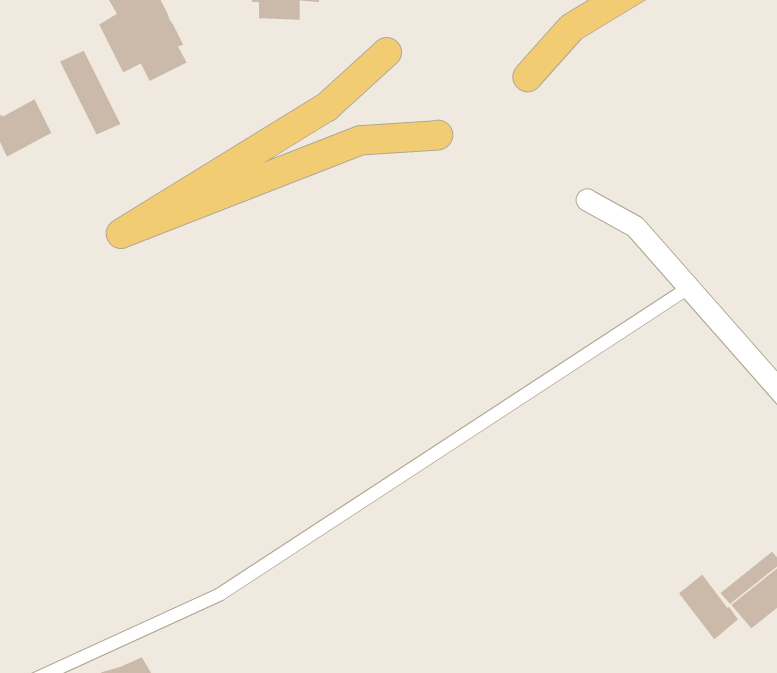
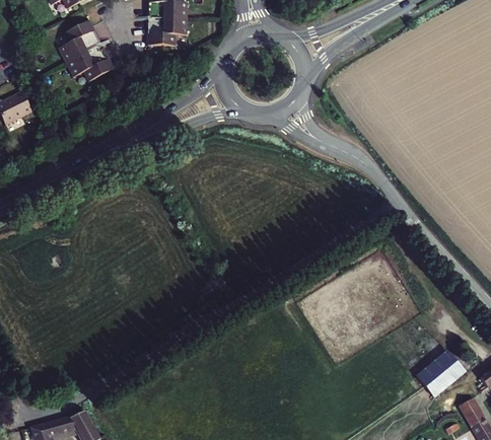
building: [59,50,121,136] -> none
building: [678,574,739,640] -> none

